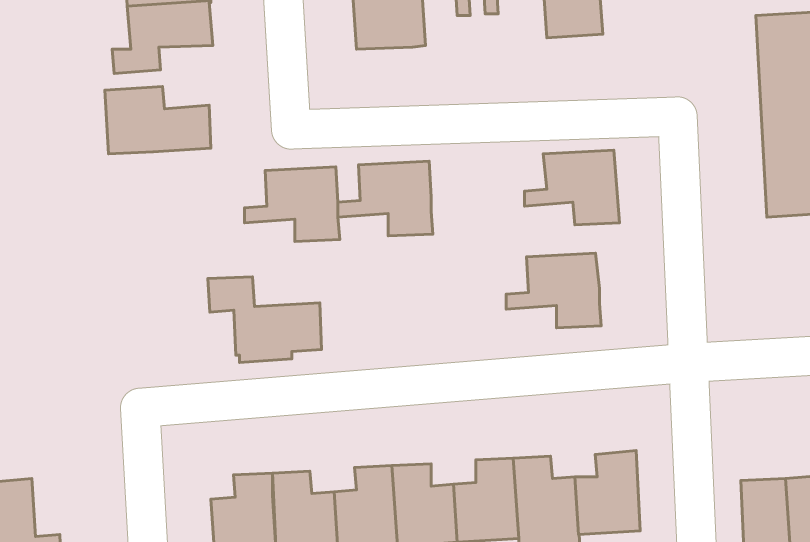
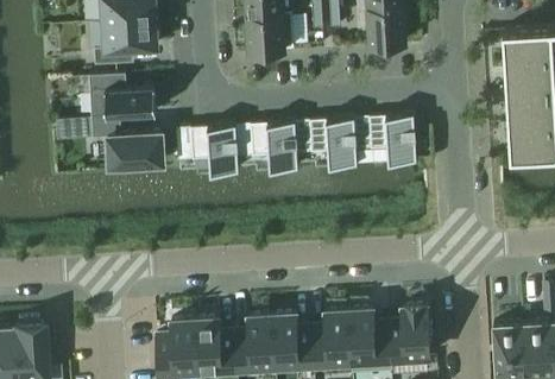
building: [506,253,601,328] -> [296,119,357,166]
building: [208,277,322,363] -> [90,116,163,171]

